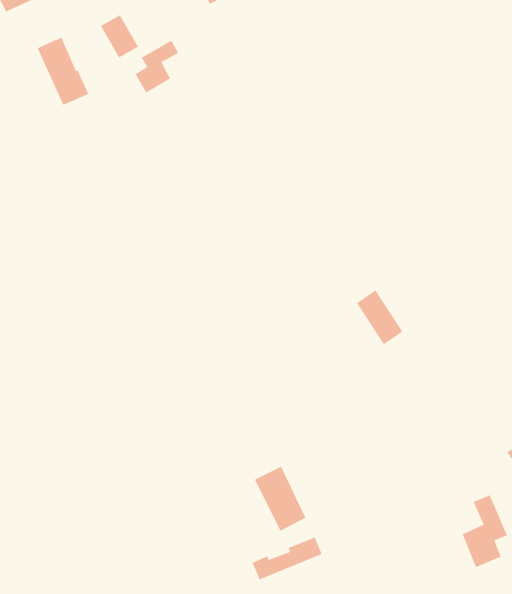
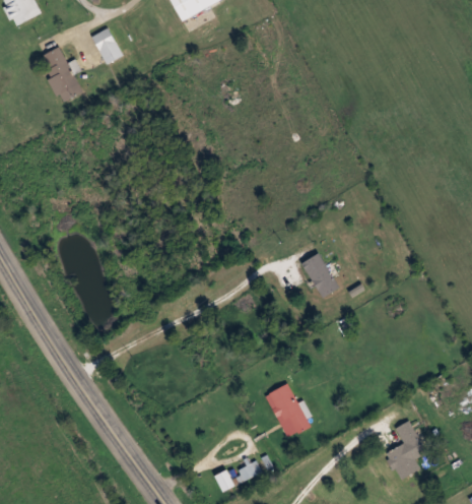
building: [135,40,179,94] -> none
building: [254,466,306,532] -> [266,383,309,437]

